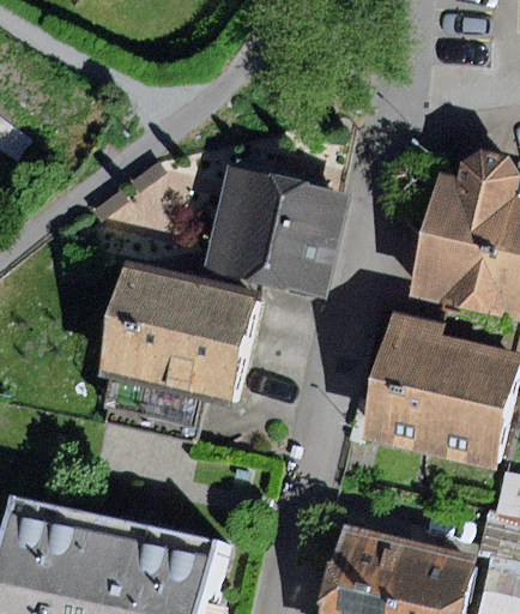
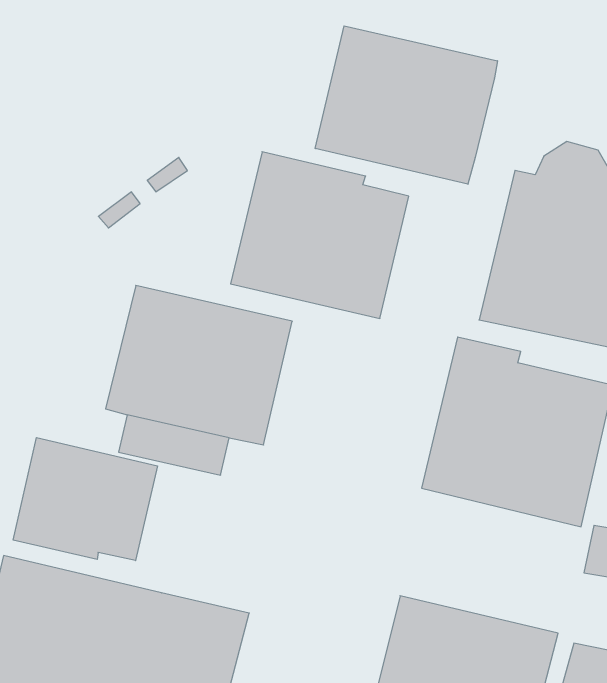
building: none -> [315,26,497,184]
building: none -> [13,438,157,561]

